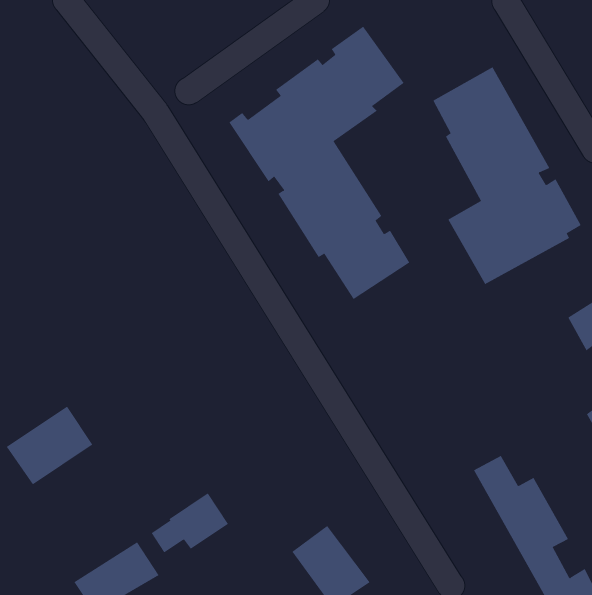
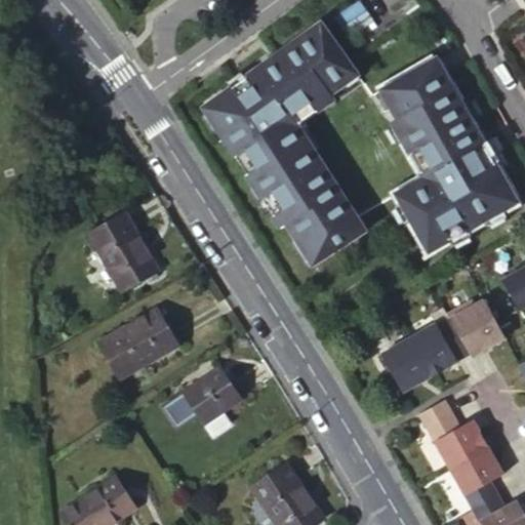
building: none -> [80,211,150,288]
building: none -> [381,304,503,392]
building: [6,406,93,485] -> [98,306,175,375]
building: [151,492,229,553] -> [170,362,239,415]

